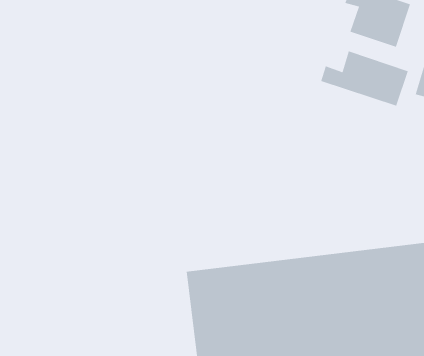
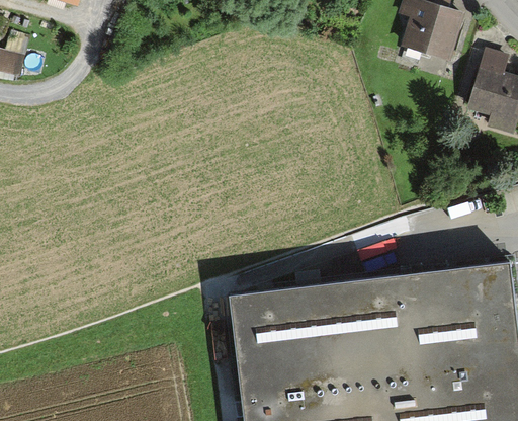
building: [320,51,408,107] -> none

